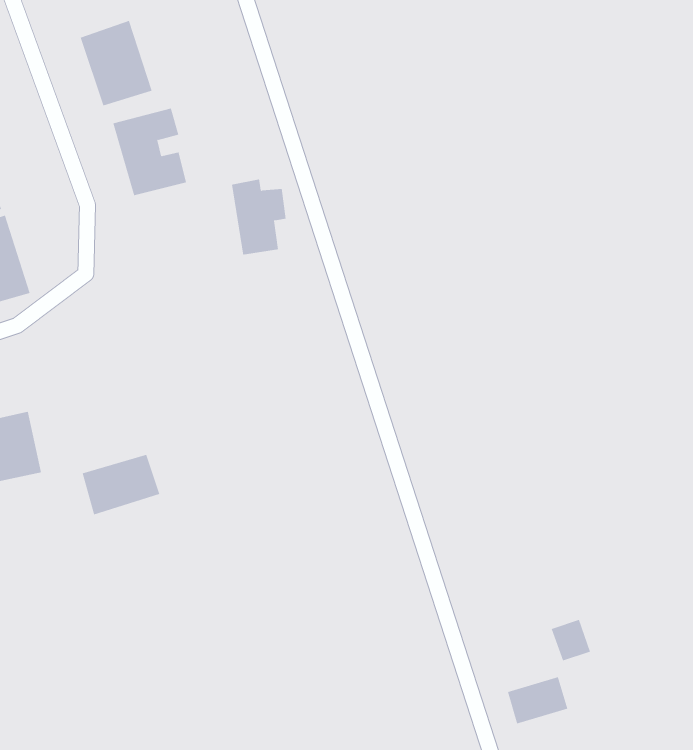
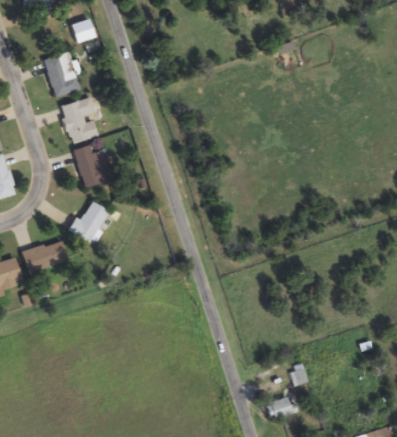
building: [231,179,286,255] -> [76,145,105,185]
building: none -> [68,201,110,243]
building: [82,454,160,515] -> [22,241,63,273]

